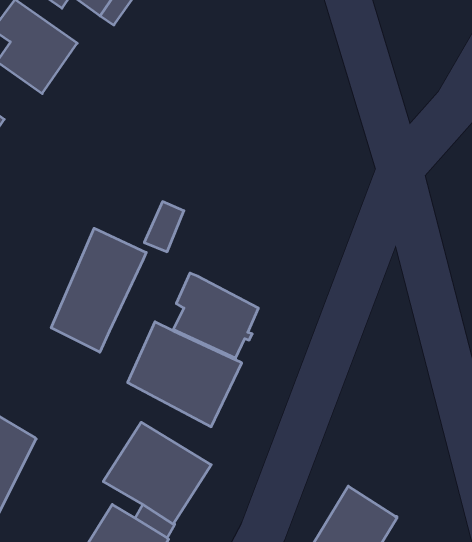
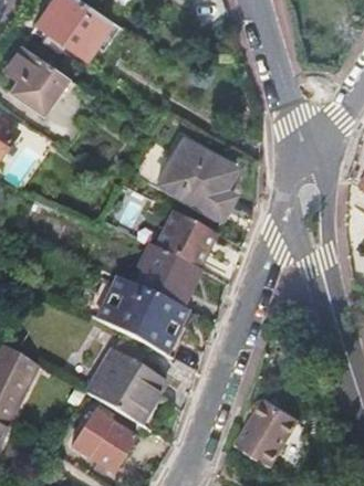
building: none -> [159,139,236,219]
building: none -> [155,211,217,270]
building: [51,228,146,352] -> none

